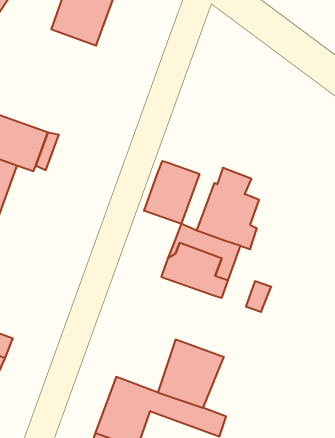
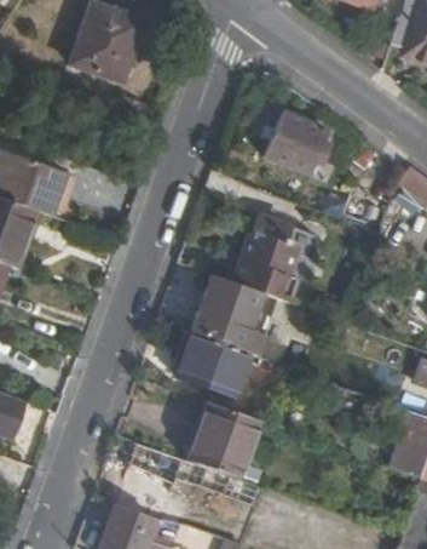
building: none -> [265,114,328,178]
building: [144,161,199,224] -> none
building: none -> [177,333,249,398]

